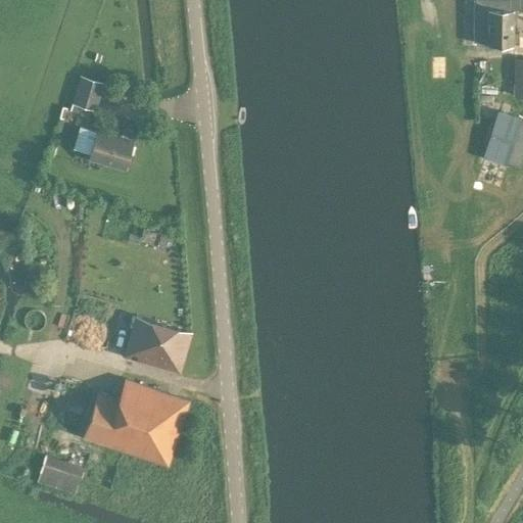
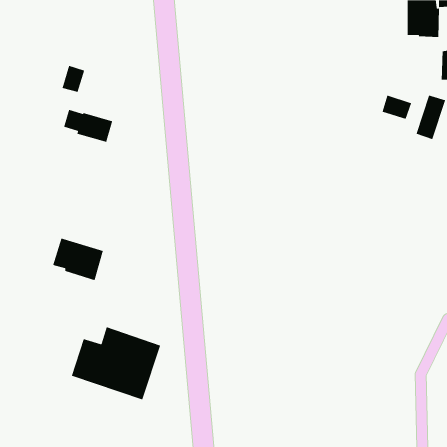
building: none -> [382,95,412,120]
building: [128,320,188,371] -> [52,237,104,281]
building: [38,455,84,493] -> none

